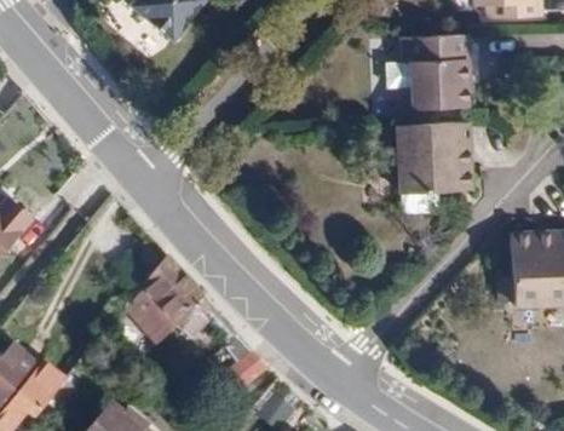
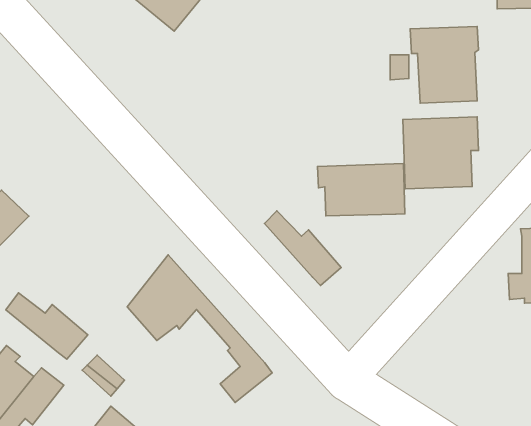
building: none -> [318,163,405,216]
building: none -> [264,211,341,285]
building: none -> [6,293,88,359]

